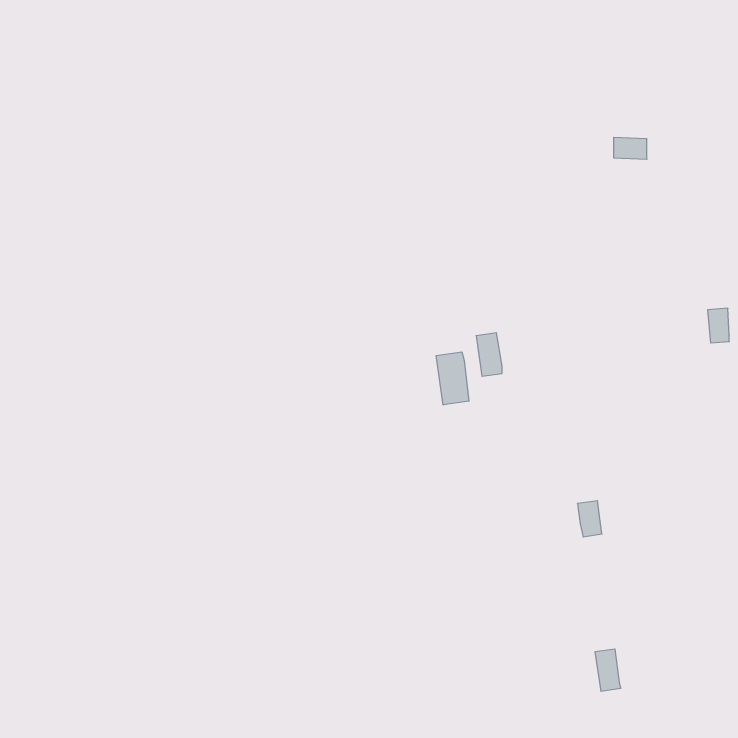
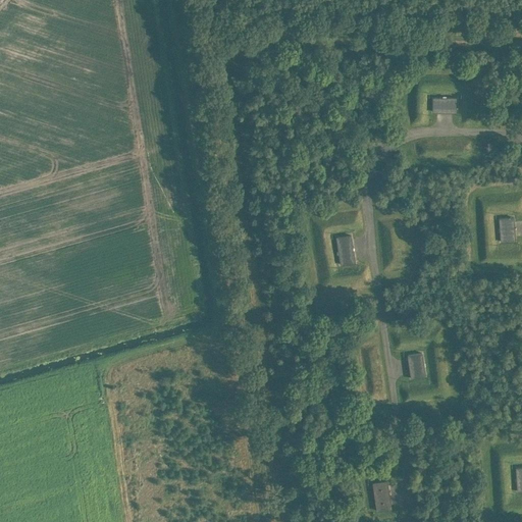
building: [436,352,469,405] -> none
building: [595,649,621,691] -> [372,481,390,511]

